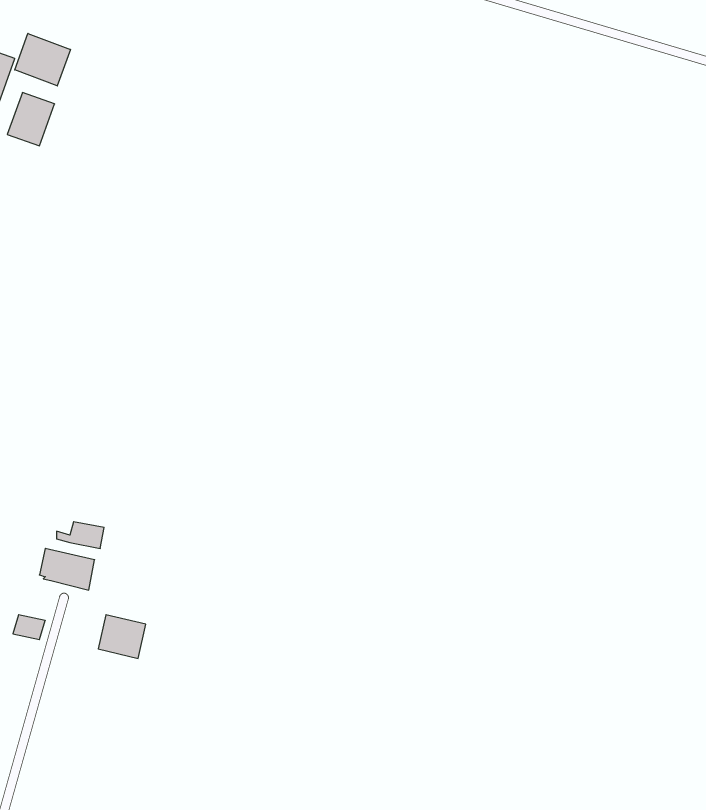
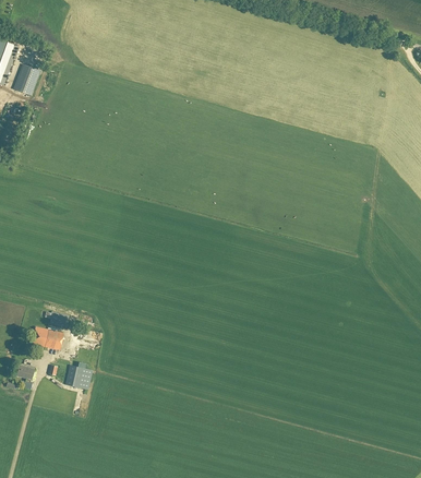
building: [15,33,70,86] -> none

